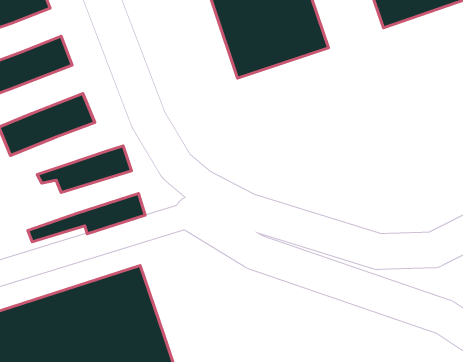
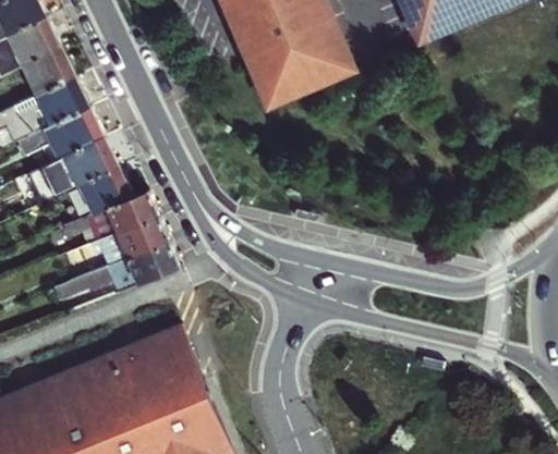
building: none -> [17,52,72,101]
building: none -> [22,112,100,168]
building: none -> [75,172,130,220]
building: none -> [64,221,169,271]

